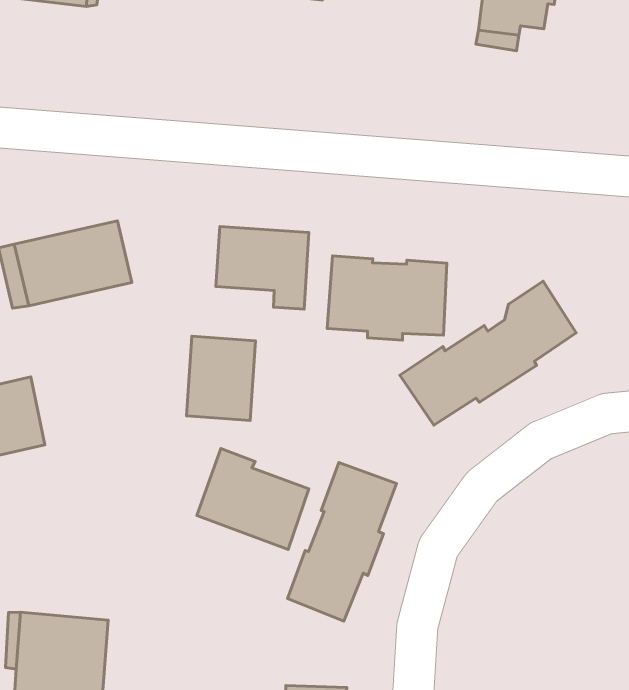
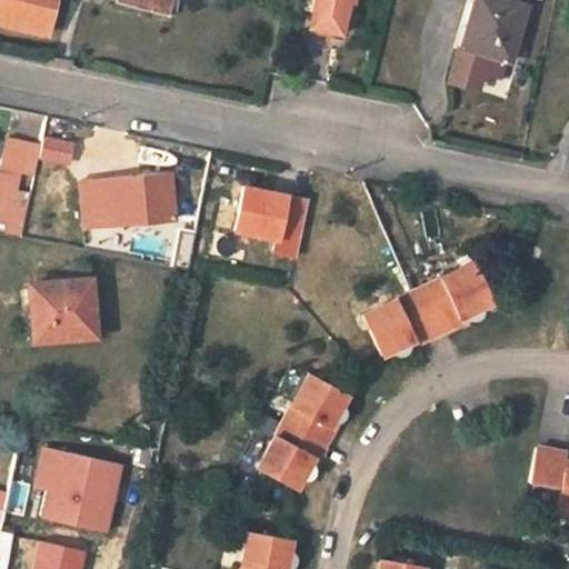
building: [327,256,447,340] -> none
building: [187,336,255,421] -> none
building: [197,448,309,550] -> none

